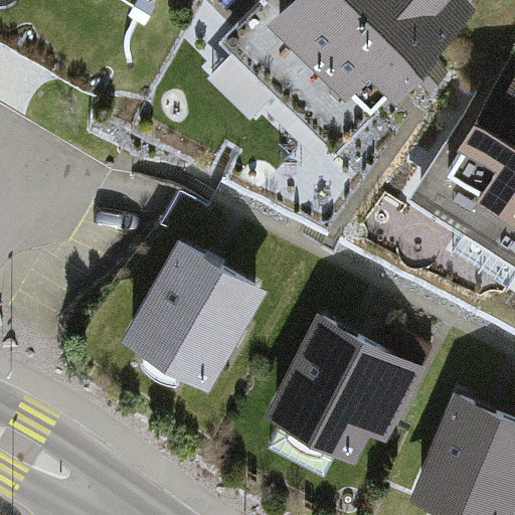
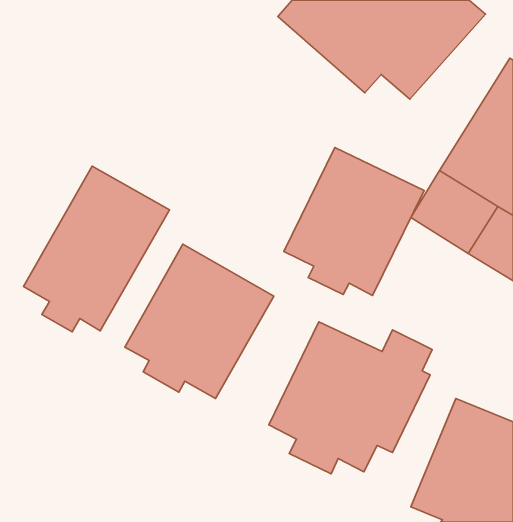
building: none -> [284,147,424,295]
building: none -> [24,166,170,332]

